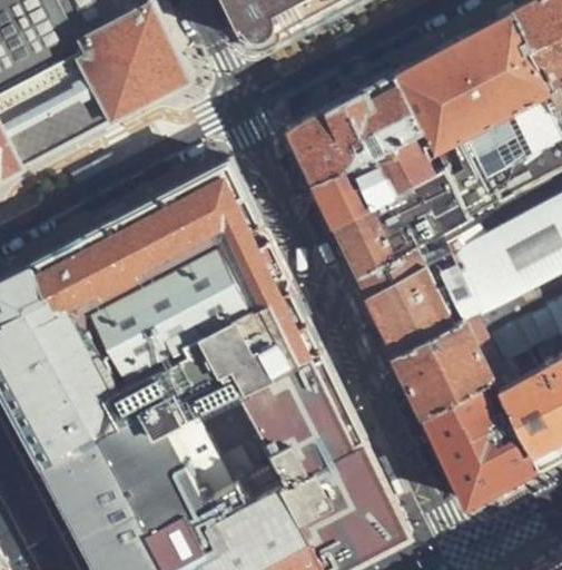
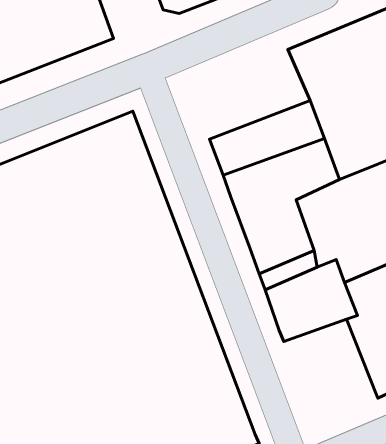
building: [285,77,425,190] -> none
building: [423,383,539,508] -> none

